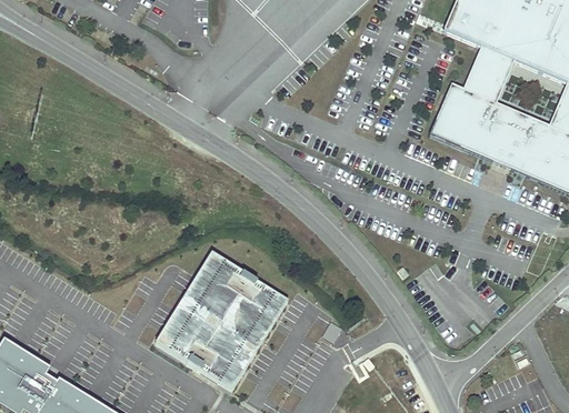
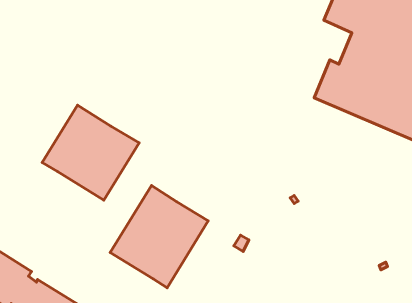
building: none -> [42,105,139,200]

